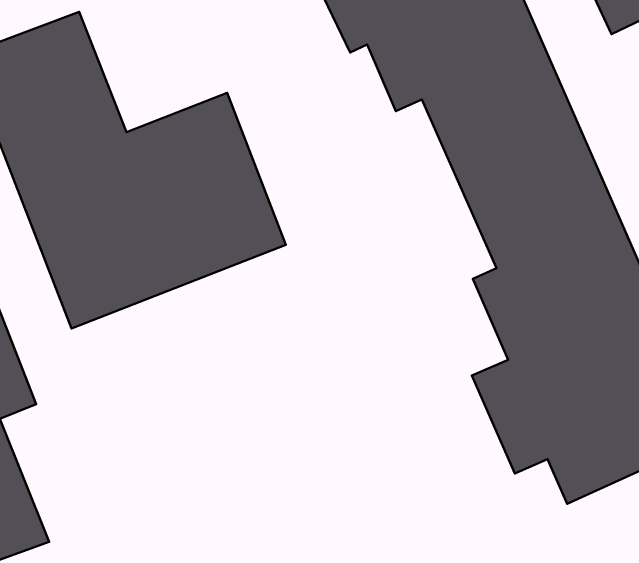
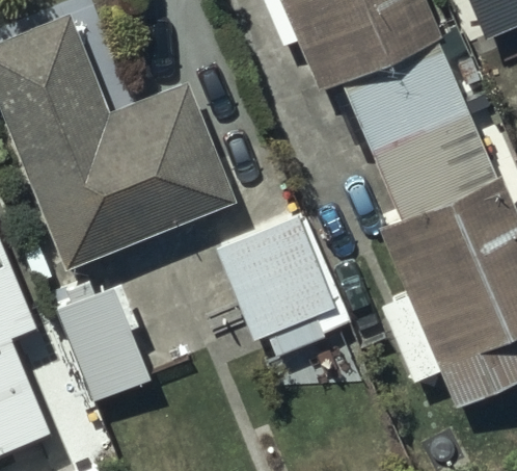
building: none -> [217,215,336,355]
building: none -> [59,287,152,402]

